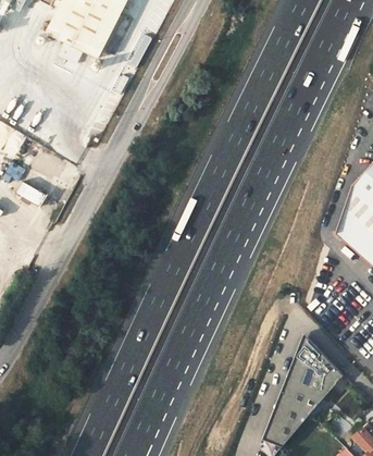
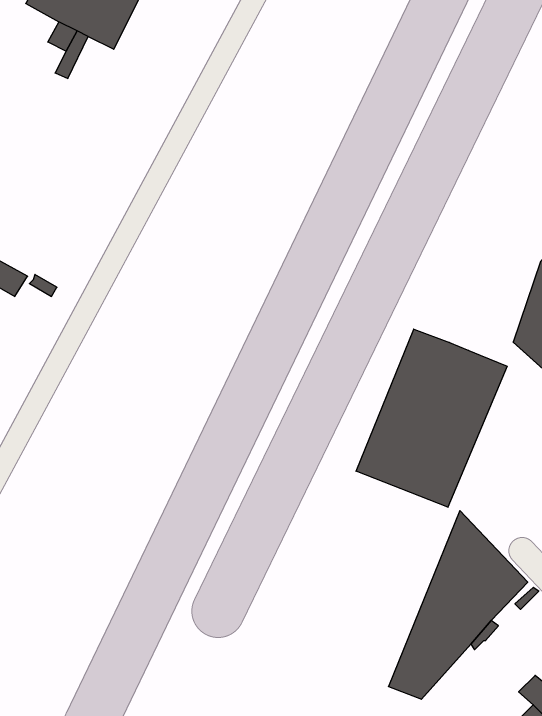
building: none -> [356,329,507,507]

